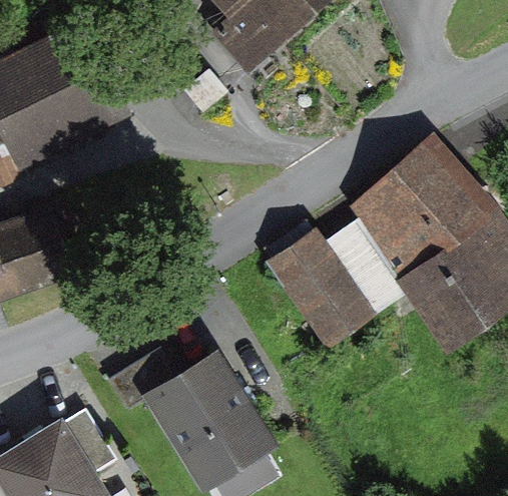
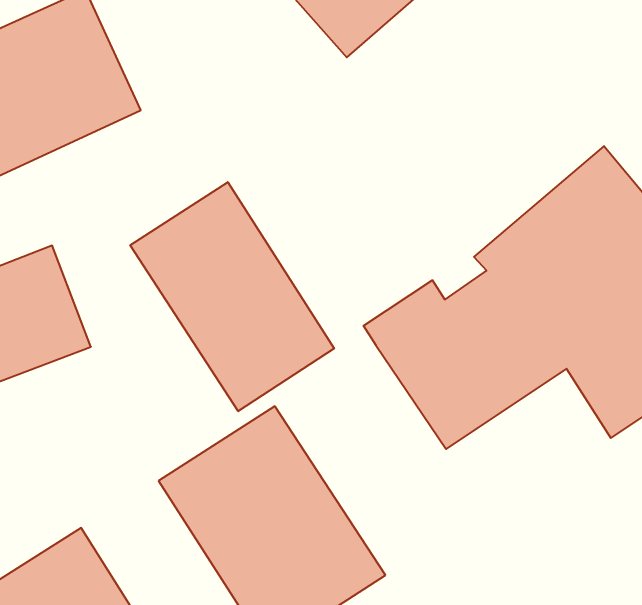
building: none -> [130,182,334,411]

